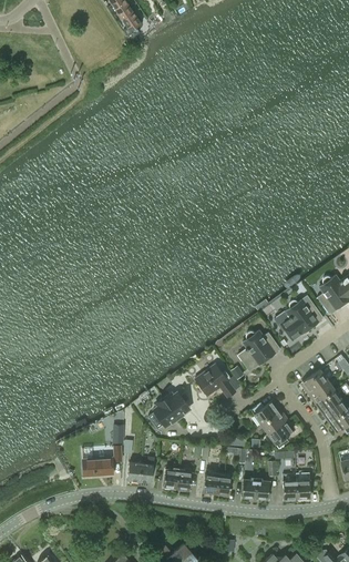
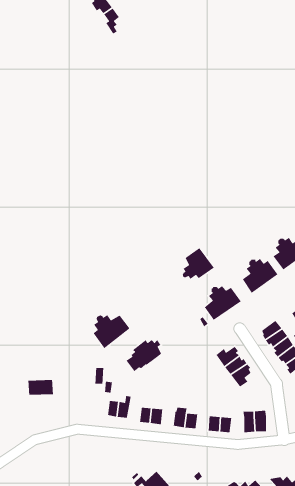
building: none -> [182,247,215,280]
building: [194,364,235,398] -> none
building: none -> [93,314,130,349]
building: [82,458,112,477] -> [28,379,54,396]

